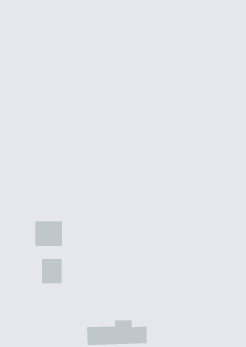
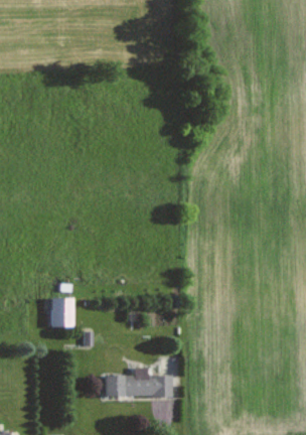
building: [35,220,63,247] -> none

